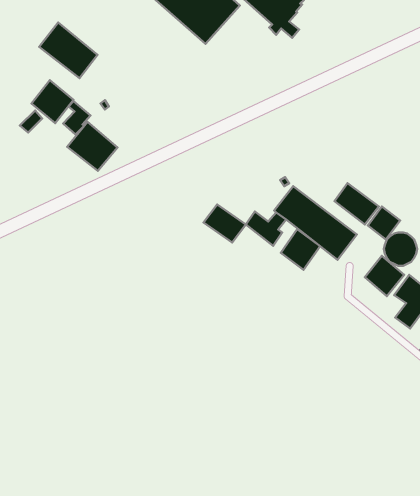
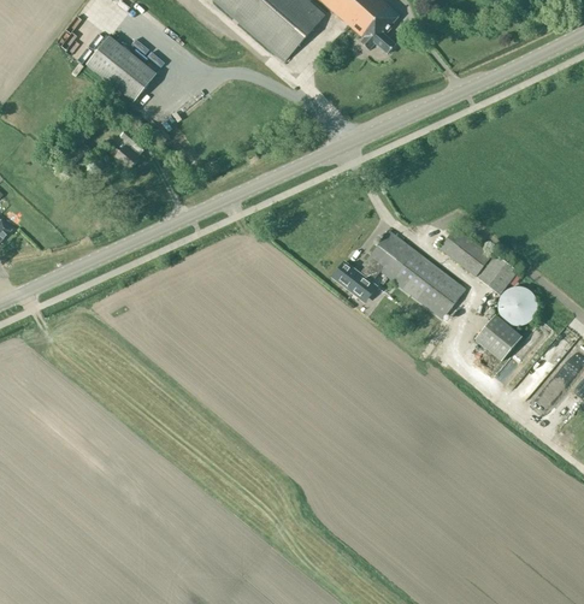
building: [31,80,73,123] -> none
building: [67,122,117,171] -> none
building: [204,204,246,242] -> none
building: [281,229,320,270] -> none

